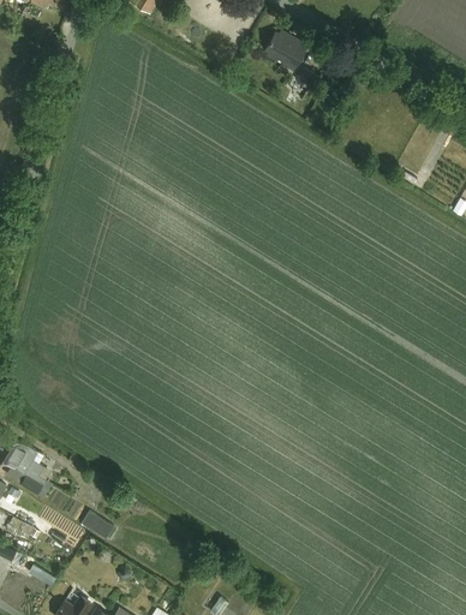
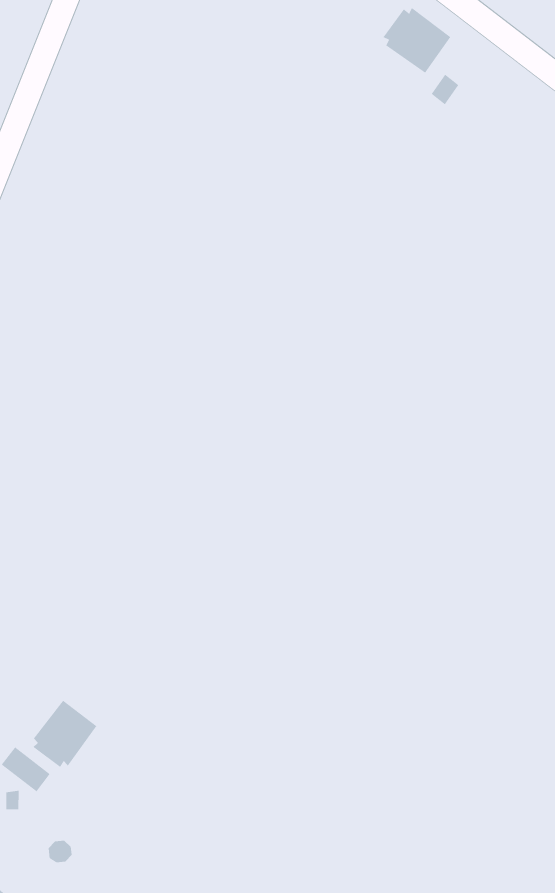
building: none -> [32,700,97,768]

